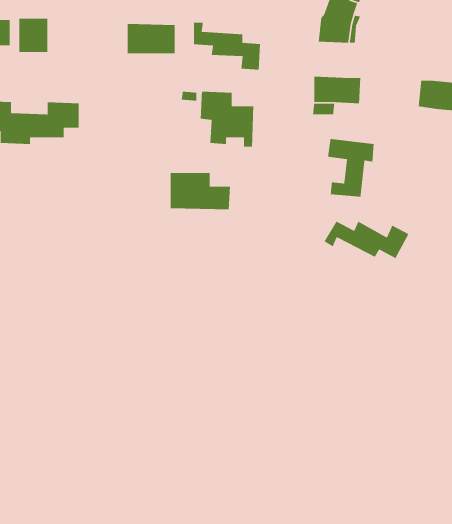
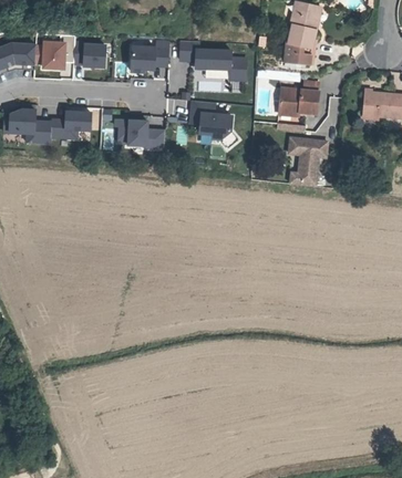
building: none -> [79,41,104,67]
building: [170,172,231,210] -> [114,117,164,148]
building: [324,221,410,259] -> none

